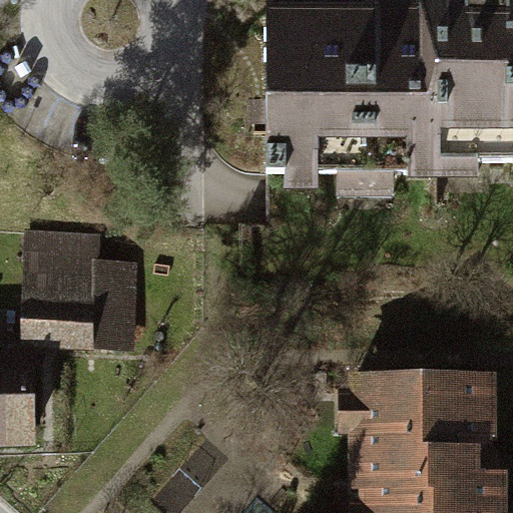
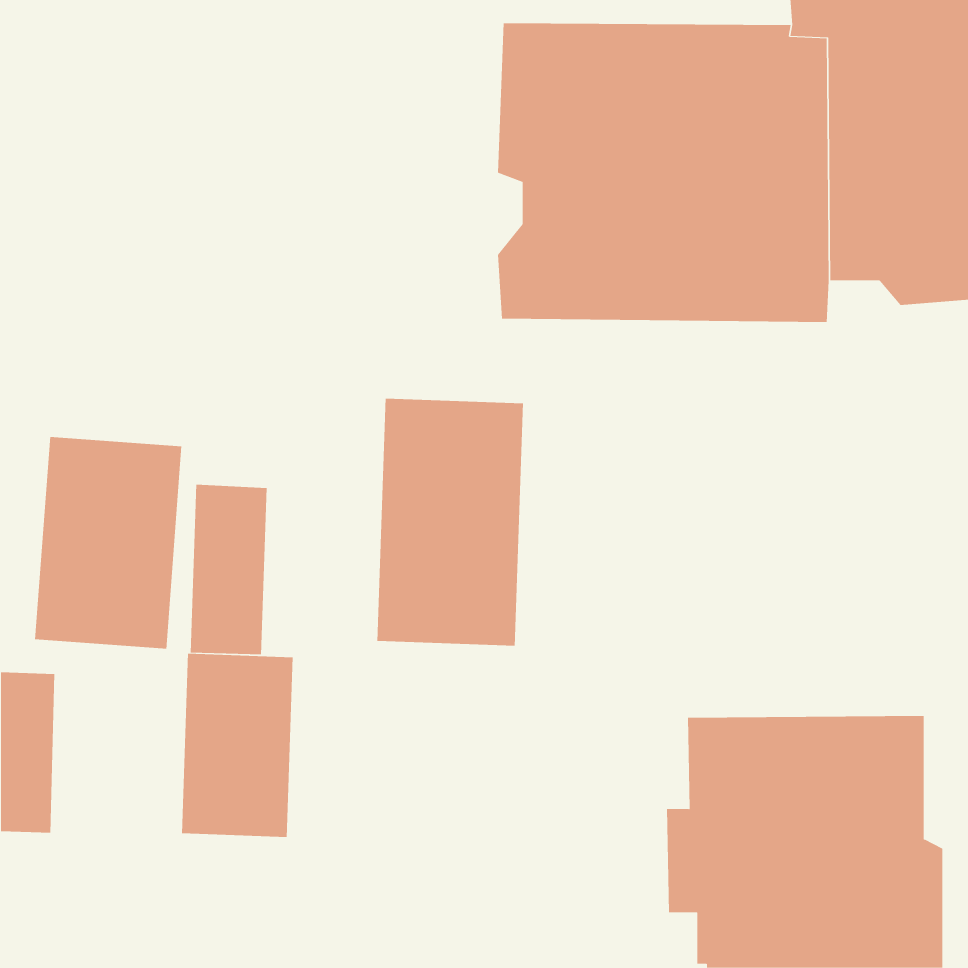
building: none -> [377,398,523,647]
building: none -> [182,653,293,838]

